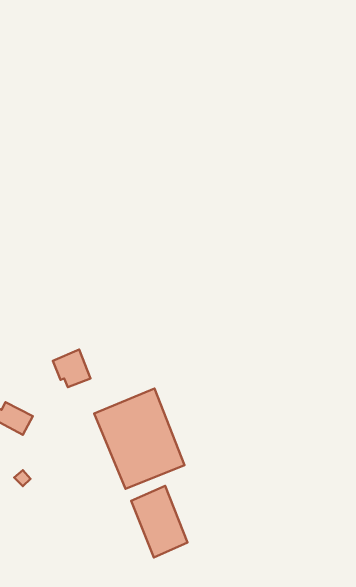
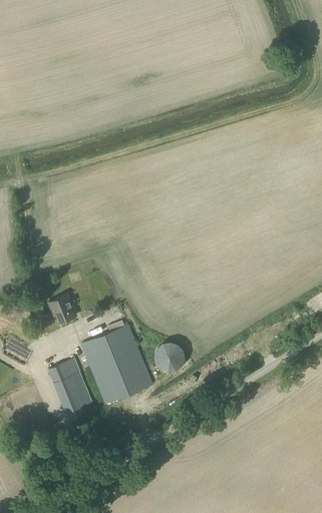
building: none -> [155,342,184,371]
building: [131,486,188,557] -> [48,358,93,415]

